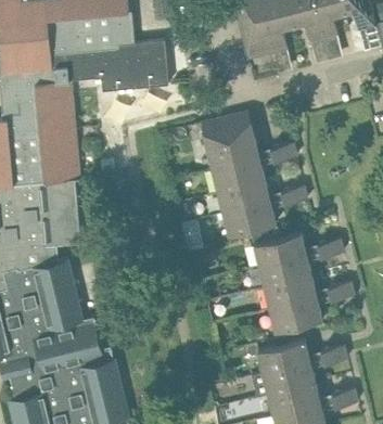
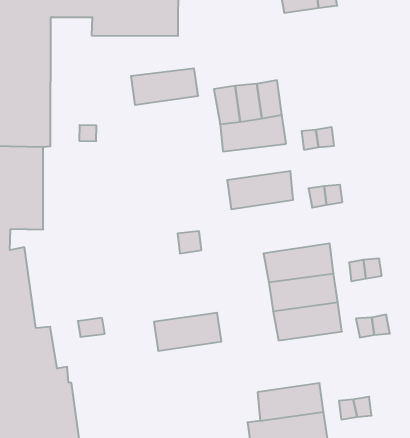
building: [212,159,265,192] -> [131,68,198,105]
building: [222,202,276,236] -> none
building: [269,298,322,332] -> [154,313,221,351]

